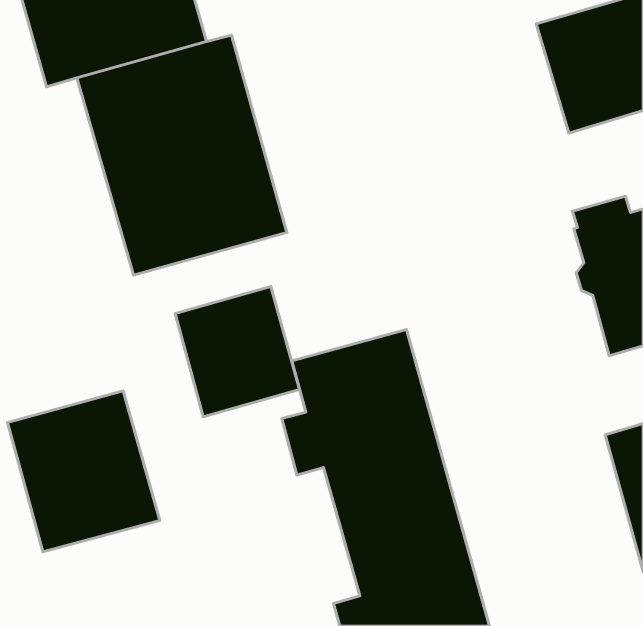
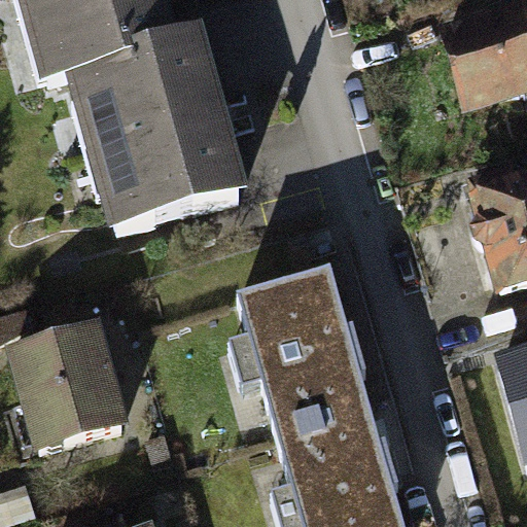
building: [175,287,300,417] -> none

